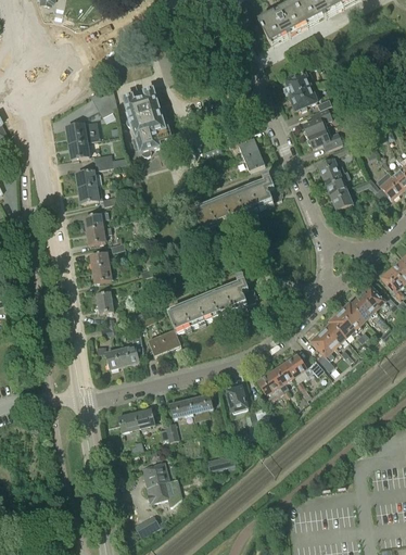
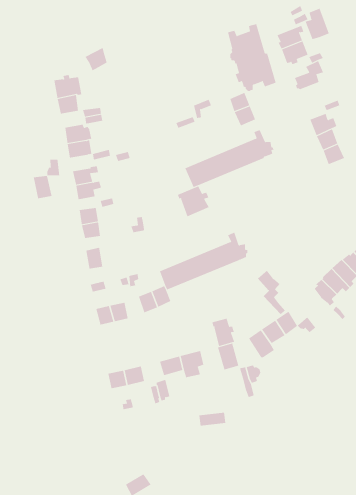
building: none -> [305,8,329,40]
building: [125,88,174,155] -> [227,23,277,92]
building: [307,127,342,148] -> none
building: none -> [33,159,60,199]
building: none -> [177,186,209,217]
building: [313,331,341,376] -> [257,270,286,315]
building: none -> [212,318,235,347]
building: [143,461,176,505] -> none

